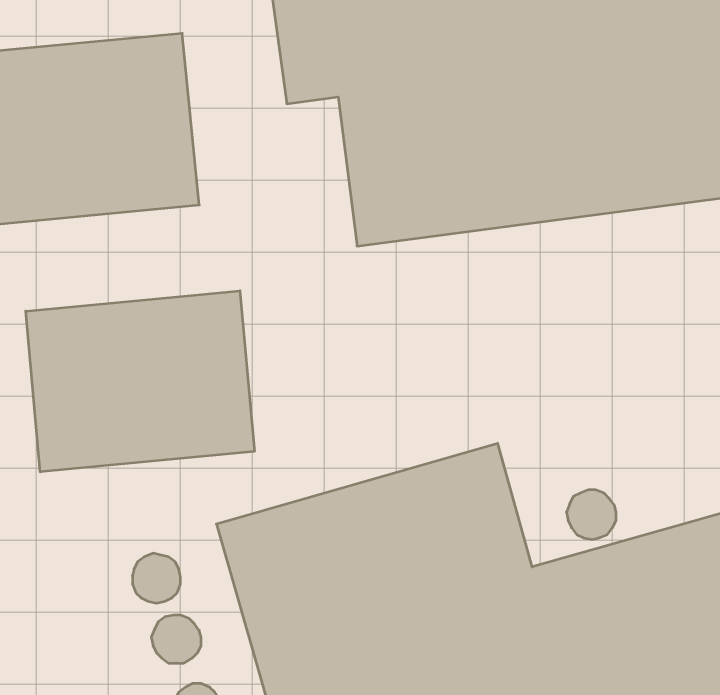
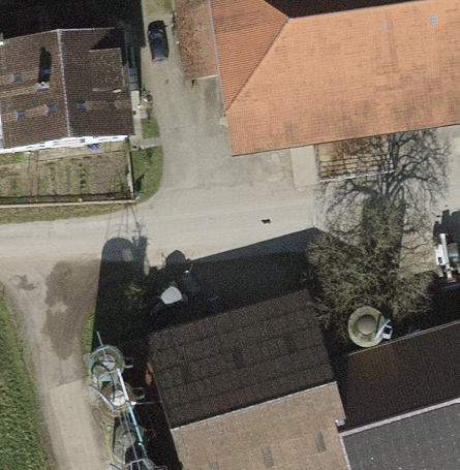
building: [26,291,254,472] -> none

